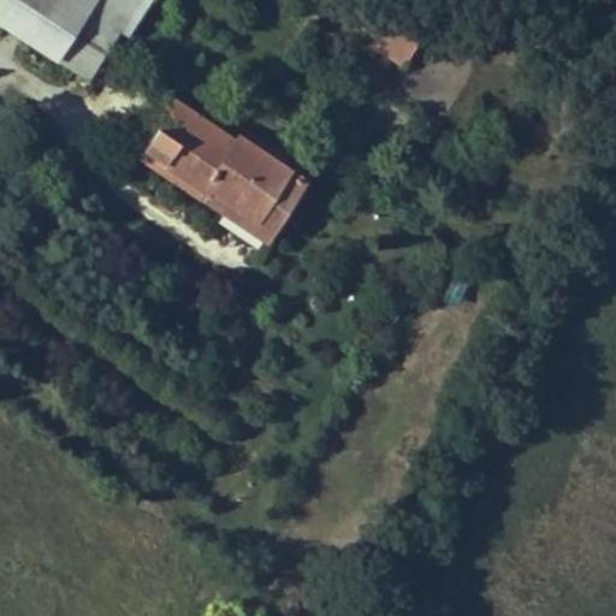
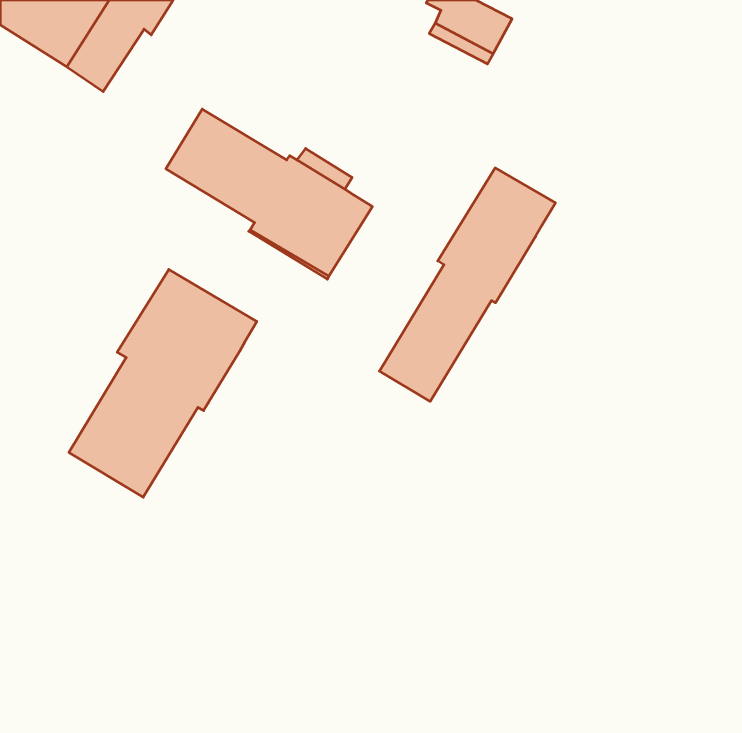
building: none -> [379,168,555,401]
building: none -> [69,269,257,497]

